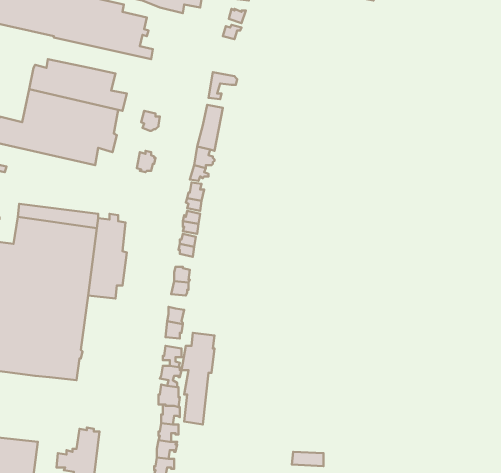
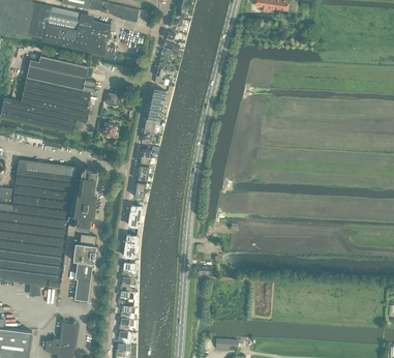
building: [181,333,214,424] -> [72,235,96,301]

